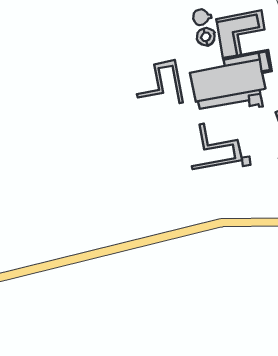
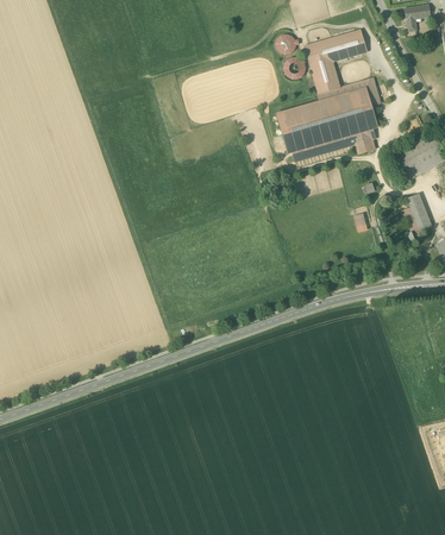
building: [137,60,183,103] -> none
building: [192,124,242,169] -> none

